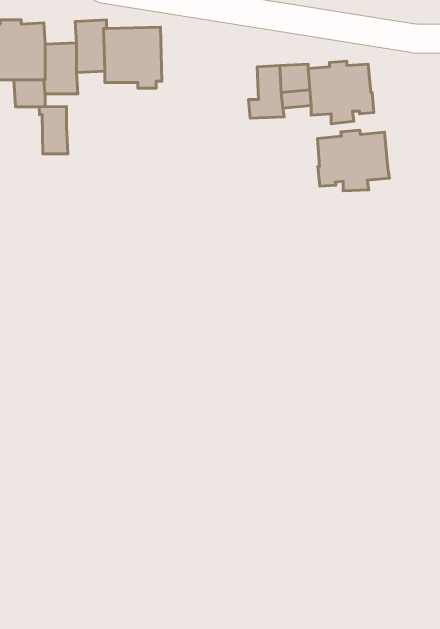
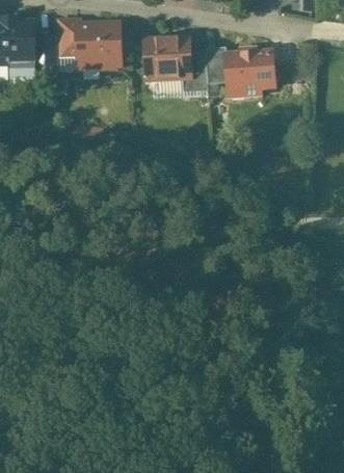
building: none -> [144,36,190,79]
building: [39,107,68,154] -> none
building: [318,130,389,191] -> none

